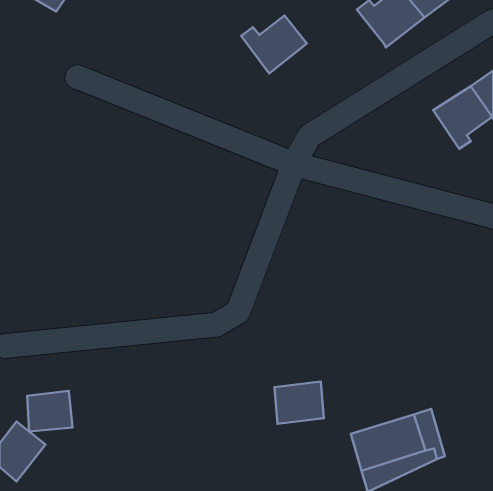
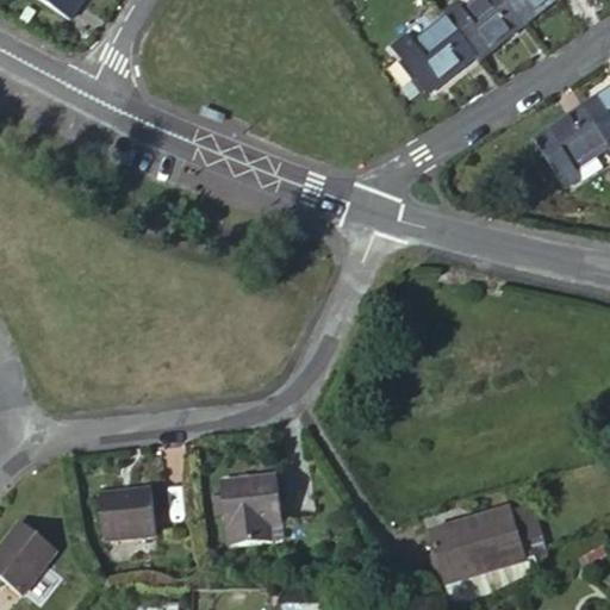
building: [241,16,307,74] -> [392,19,473,91]
building: [274,381,324,424] -> [220,474,281,527]
building: [27,391,73,432] -> [99,487,155,537]

